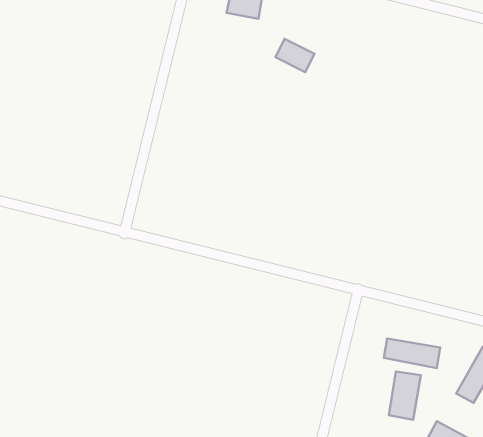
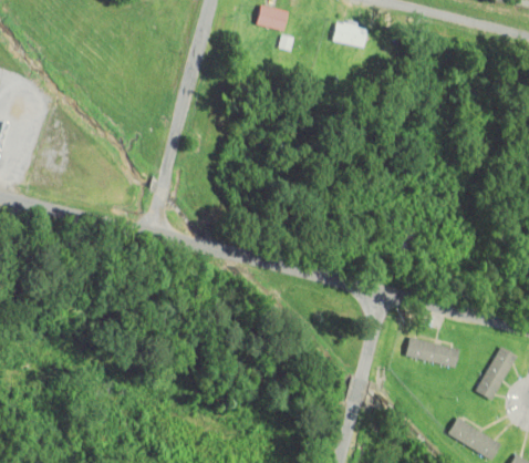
building: [275,39,314,72] -> [331,18,369,50]
building: [389,371,421,420] -> none

